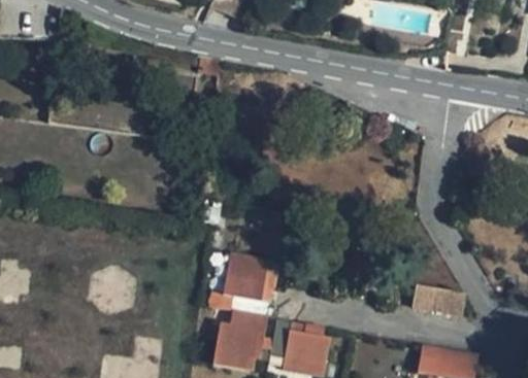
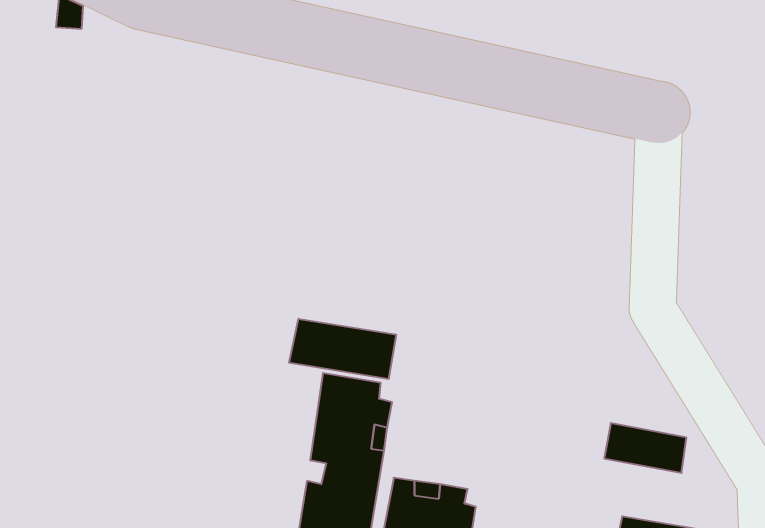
building: none -> [289,319,396,379]

